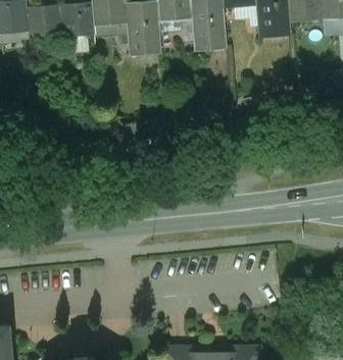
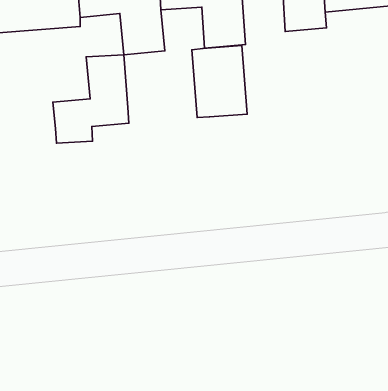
building: none -> [192,45,247,117]
building: none -> [53,55,129,143]

